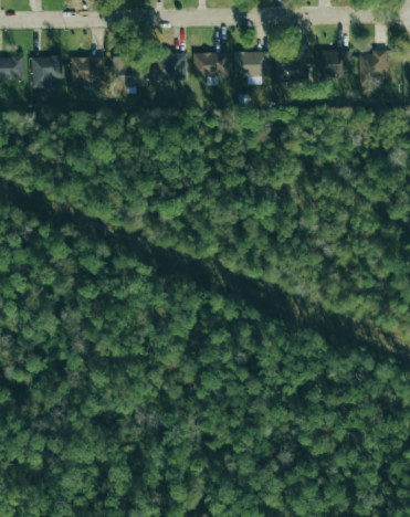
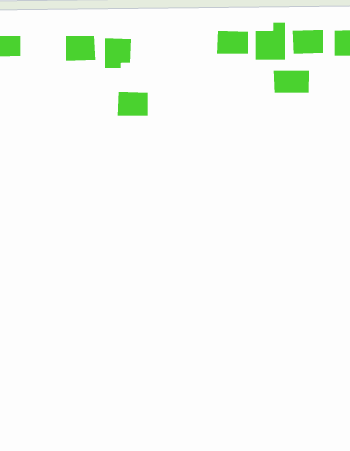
building: [192,52,228,77] -> none
building: [151,53,186,80] -> [117,91,149,116]
building: [31,55,62,87] -> none
building: none -> [273,70,309,94]

